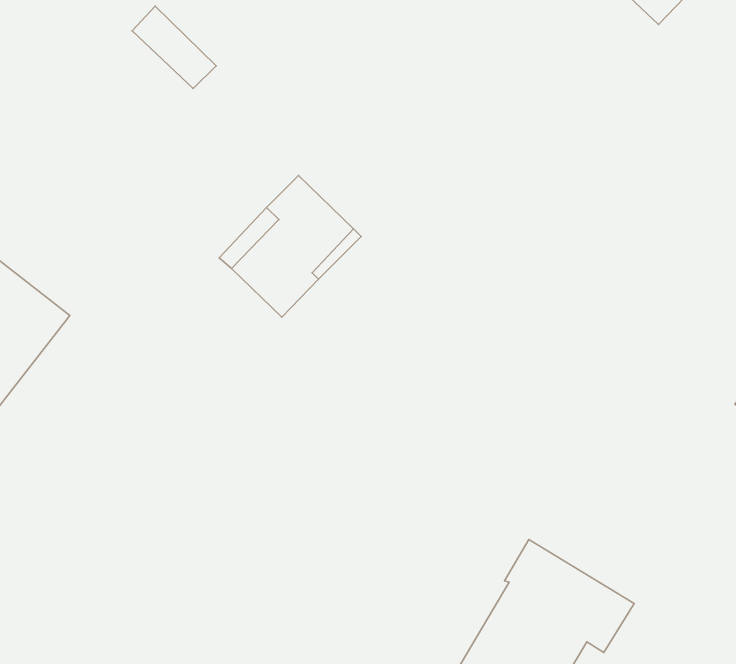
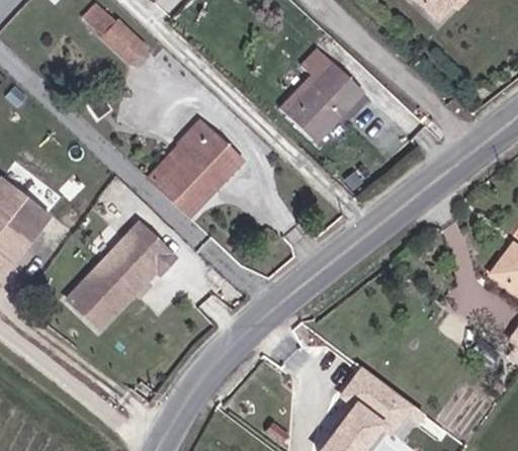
building: none -> [280,51,364,144]
building: none -> [70,223,175,329]

